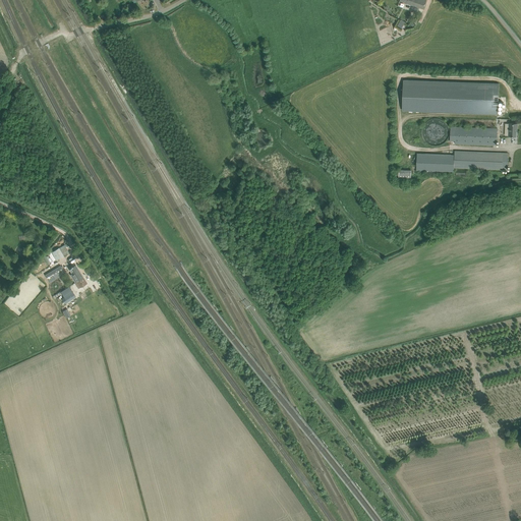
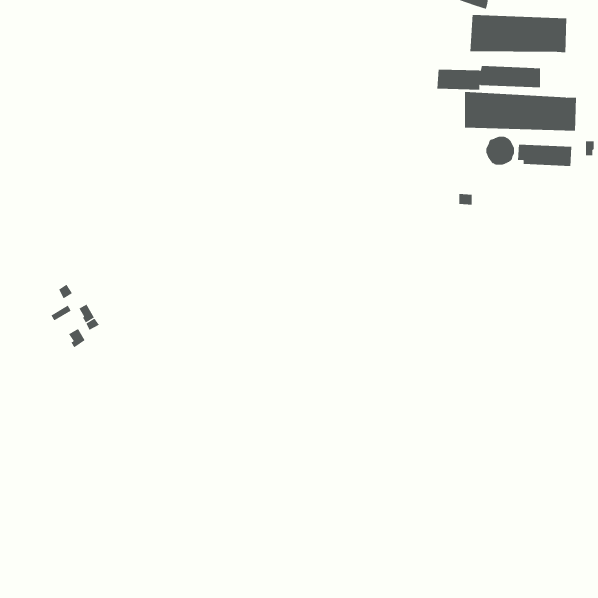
building: none -> [470,14,567,53]
building: [416,150,507,171] -> [437,66,541,90]

